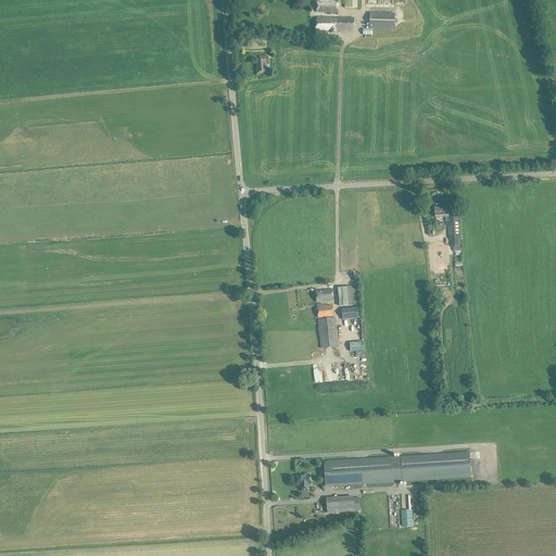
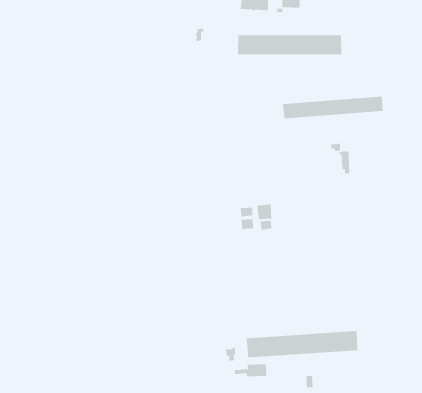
building: none -> [237,34,342,55]
building: none -> [282,96,383,119]
building: [317,317,338,348] -> none

